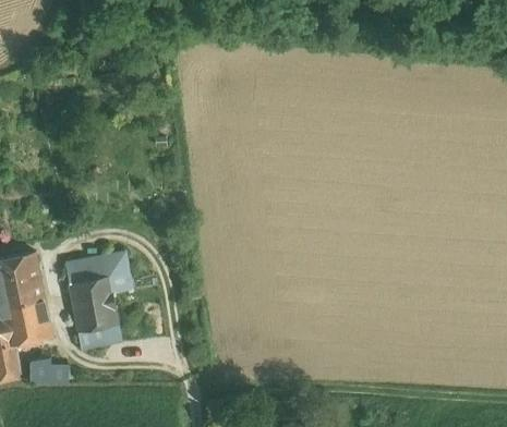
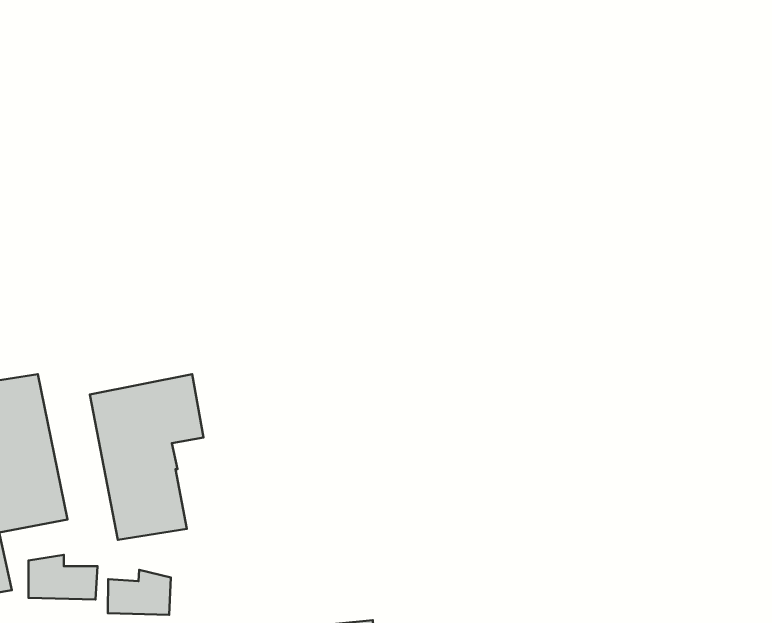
building: none -> [108,570,171,615]

